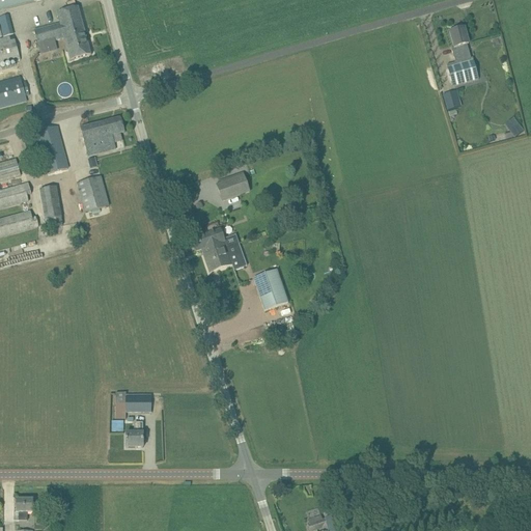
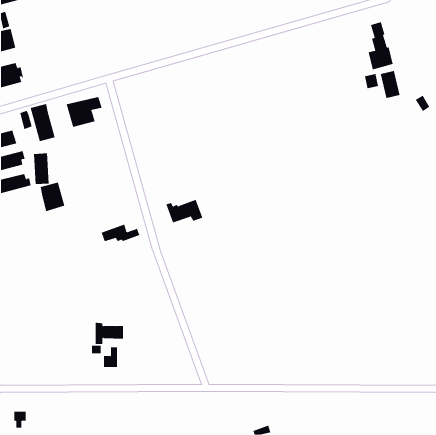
building: [34,5,90,58] -> none
building: none -> [380,70,400,99]
building: [216,171,250,200] -> none
building: [78,175,109,212] -> [40,182,65,212]
building: [191,228,239,250] -> [101,224,140,242]
building: [253,270,288,310] -> none

